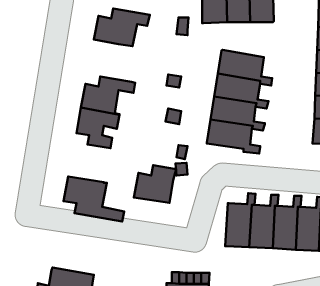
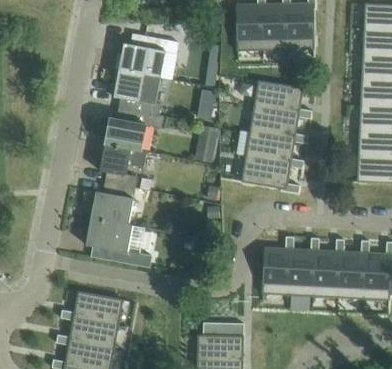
building: none -> [114,69,162,115]
building: [134,165,176,203] -> [91,183,137,224]
building: none -> [61,291,124,325]

